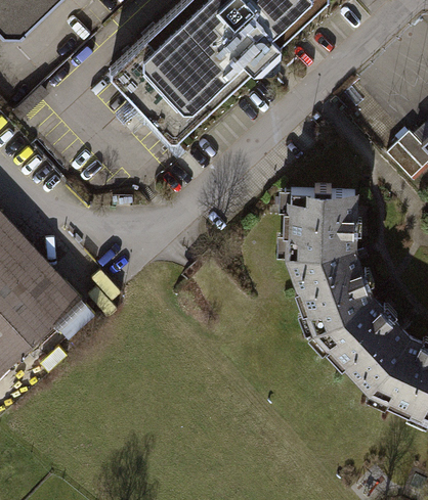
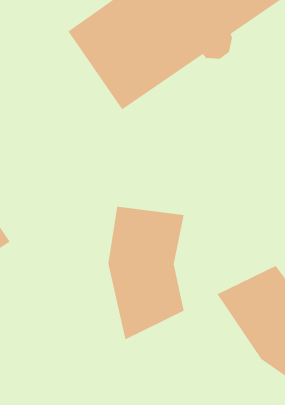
building: [277,185,367,327] -> [107,206,184,340]

